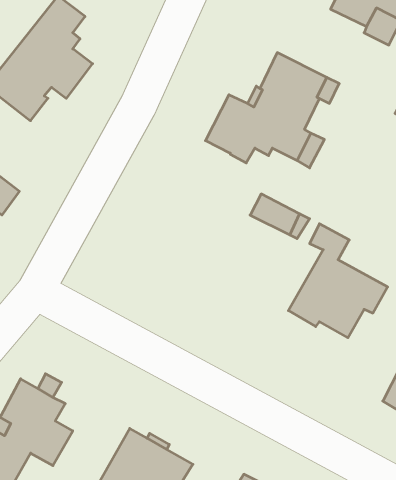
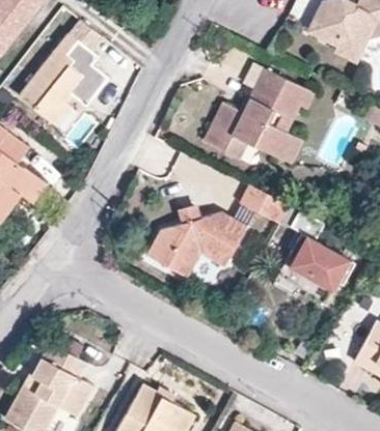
building: none -> [147,209,248,278]

